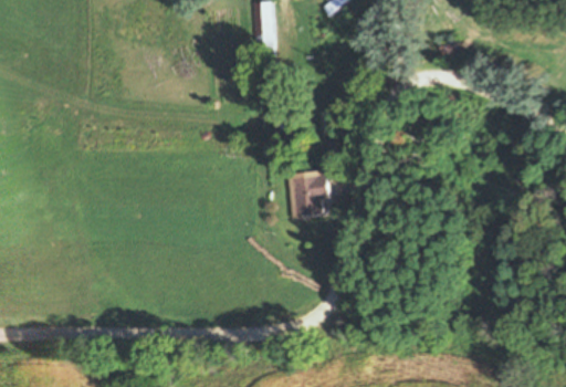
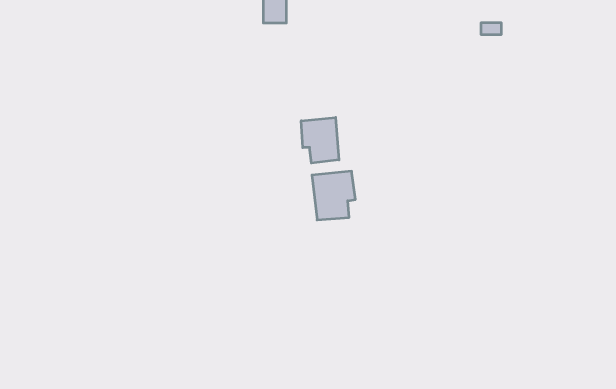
building: none -> [301,117,339,163]

